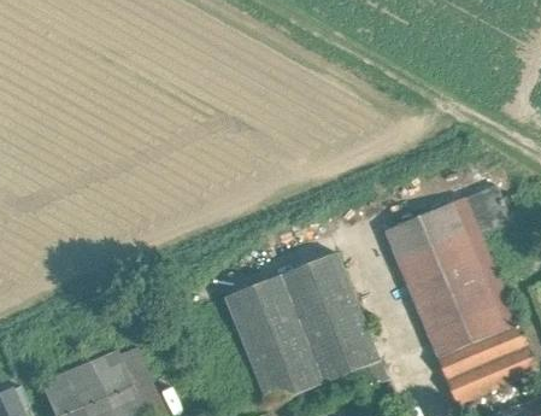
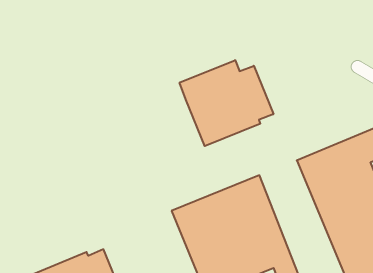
building: none -> [180,60,273,146]

